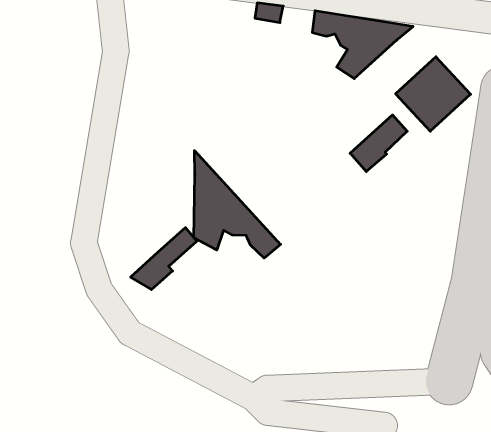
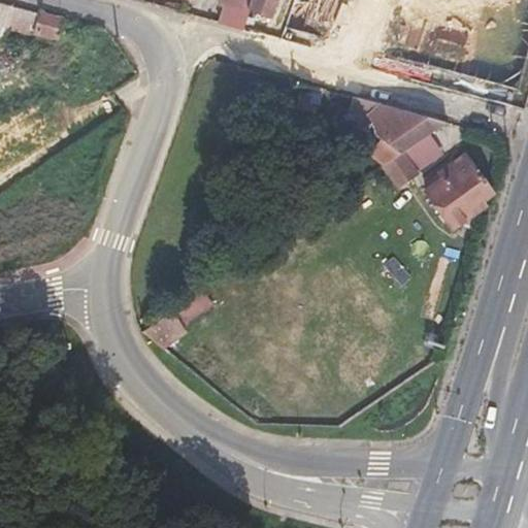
building: [350,115,407,172] -> [386,132,443,184]
building: [194,151,281,258] -> none

